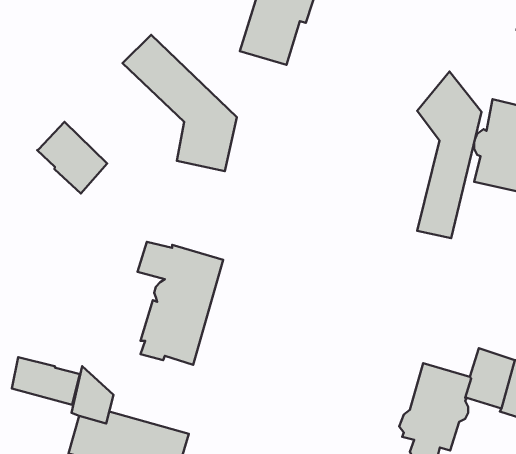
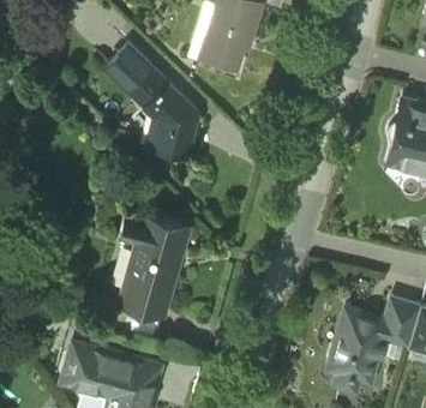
building: [417,72,481,238] -> none
building: [37,122,107,194] -> none
building: [12,357,80,405] -> none

